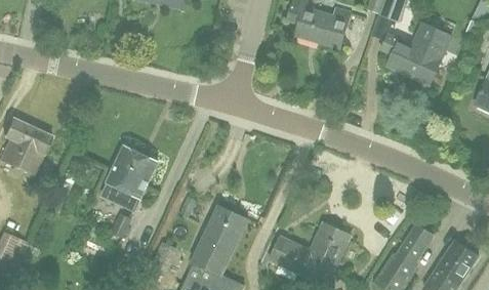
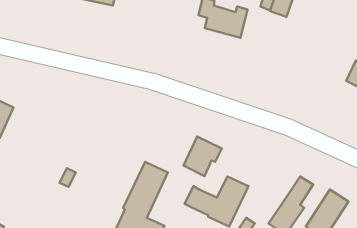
building: [380,22,451,84] -> none
building: [100,146,157,209] -> none
building: none -> [183,137,222,176]

